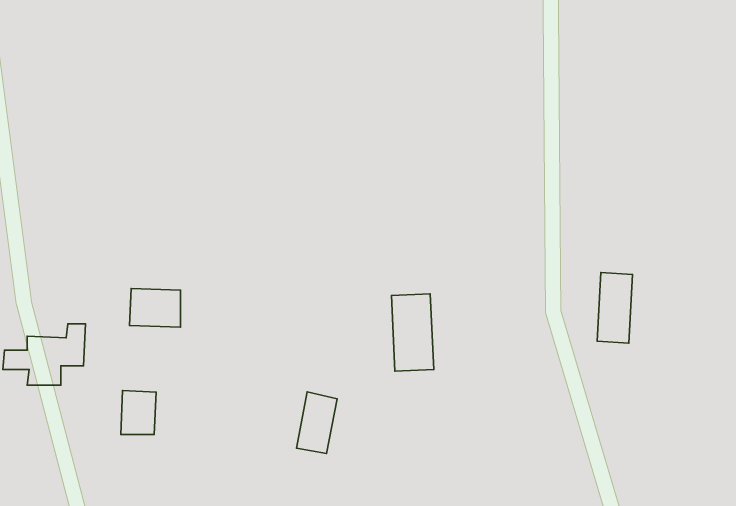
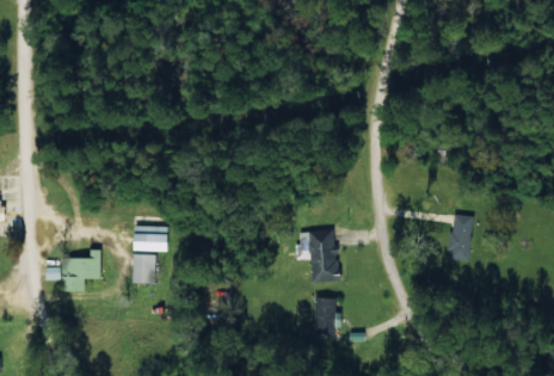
building: [121,390,156,434] -> [130,253,154,283]
building: [297,392,337,453] -> [310,296,338,338]

